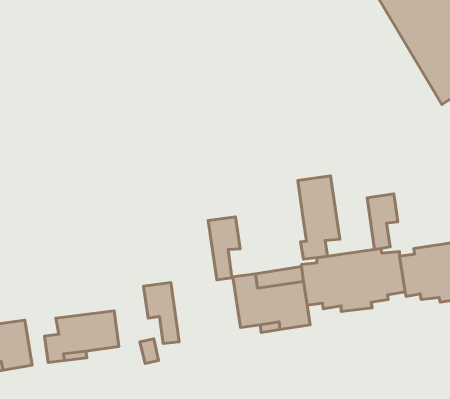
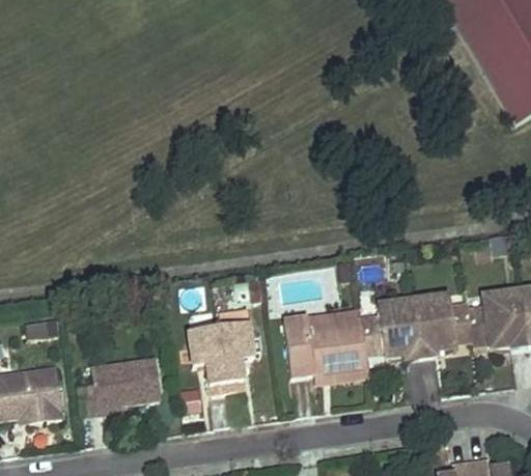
building: [298,176,340,259] -> none
building: [367,194,398,249] -> none
building: [208,217,240,280] -> [219,321,254,391]

